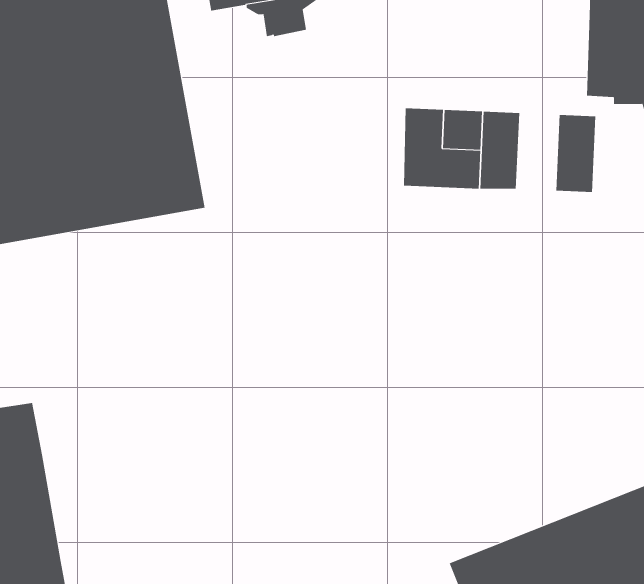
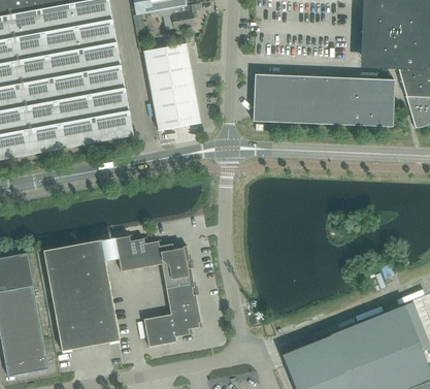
building: none -> [143,44,200,131]
building: none -> [322,77,348,125]
building: none -> [368,79,394,127]
building: none -> [114,236,200,347]
building: none -> [42,240,120,351]

